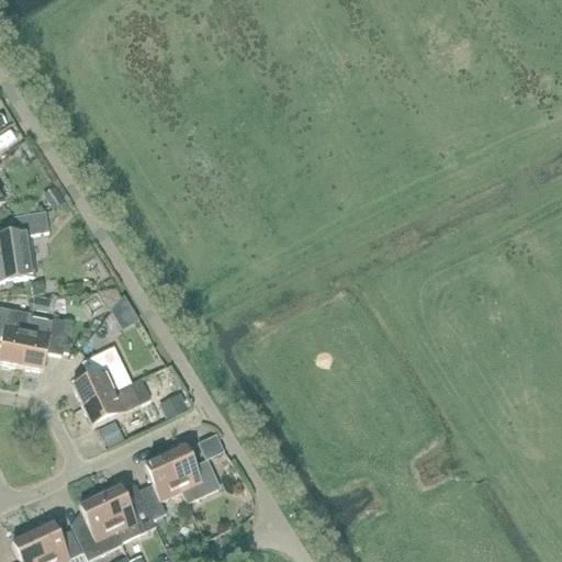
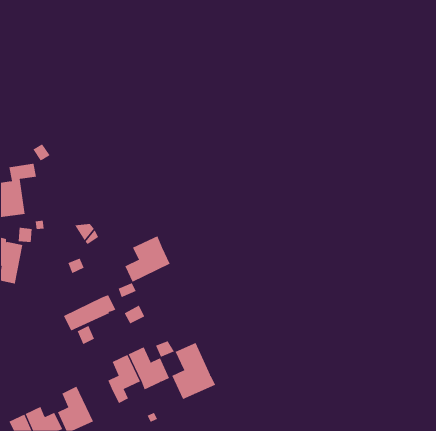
building: [20,315,69,370] -> none
building: [71,346,131,406] -> [125,236,171,282]
building: none -> [172,342,216,400]
building: [99,486,156,542] -> none

